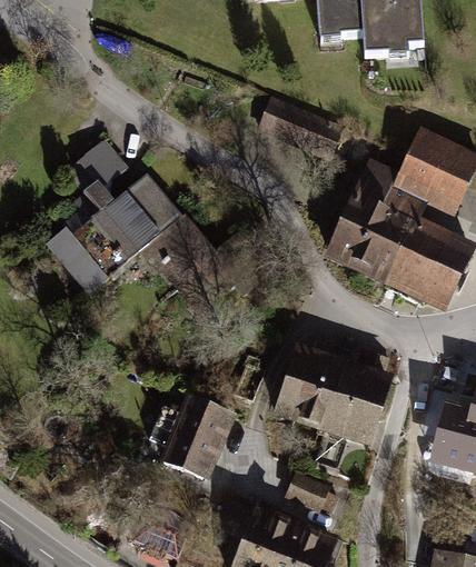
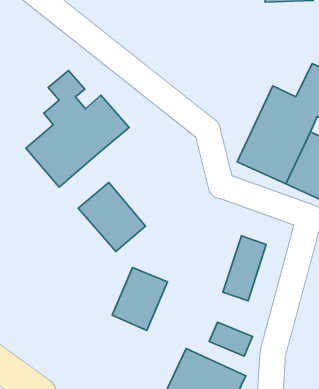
building: [260,99,343,153] -> none
building: [142,216,230,306] -> [78,183,146,252]
building: [271,346,329,430] -> none
building: [338,368,395,452] -> none

